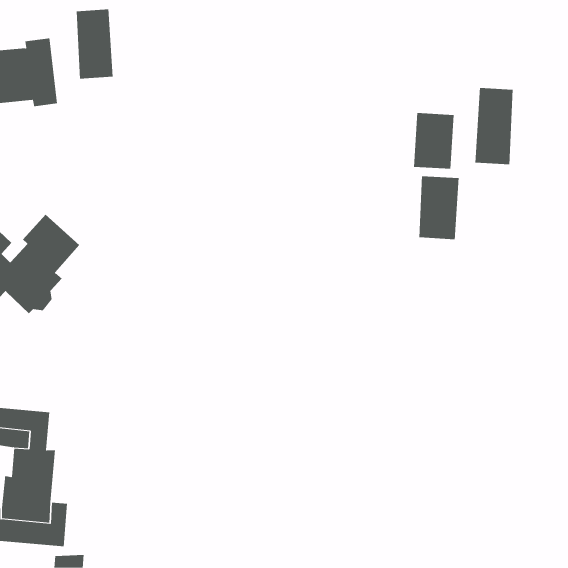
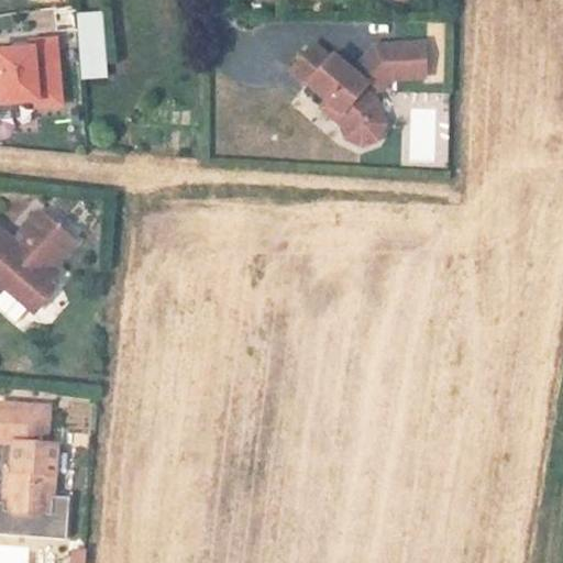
building: none -> [294,45,424,146]
building: [475,87,513,165] -> none
building: [419,175,459,240] -> none

